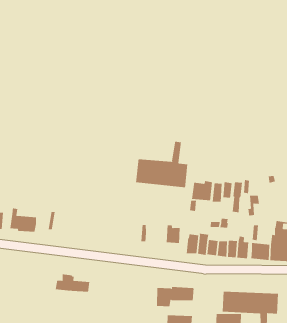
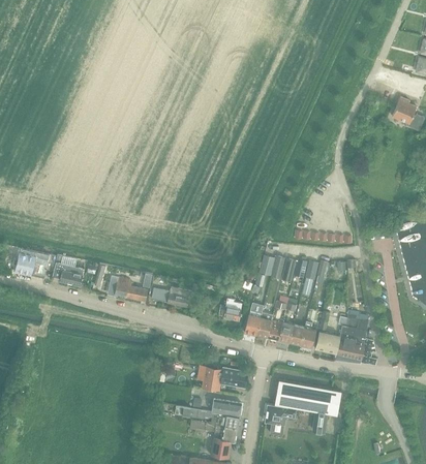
building: [136,141,188,188] -> none
building: none -> [150,287,190,307]
building: [55,274,90,292] -> [106,276,147,301]

